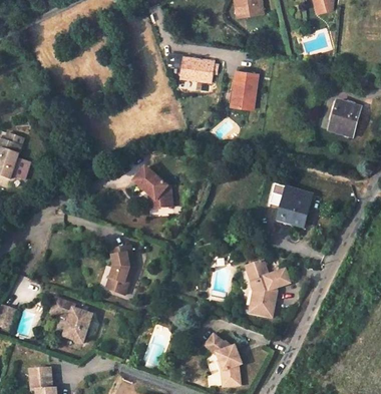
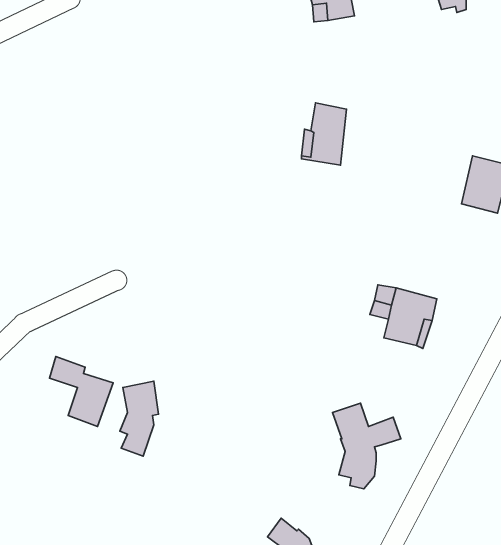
building: [180,54,216,80] -> none
building: [137,167,175,208] -> none
building: [50,299,91,344] -> [49,356,113,426]

